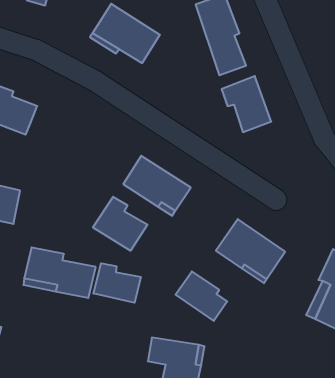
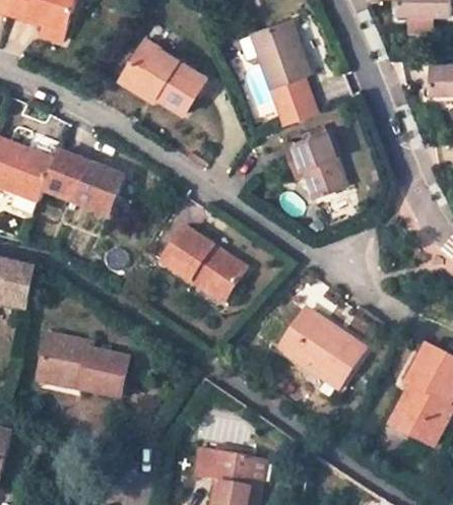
building: none -> [44,147,123,211]
building: [93,197,147,251] -> none
building: [93,263,141,303] -> none
building: [176,271,227,321] -> none

